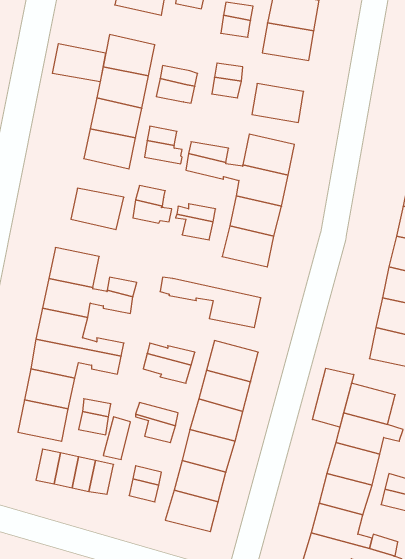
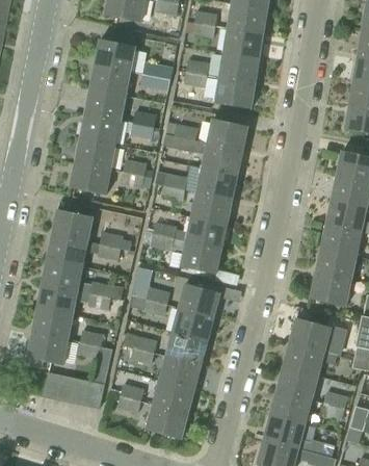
building: [52,44,106,82] -> none
building: none -> [219,51,261,82]
building: none -> [75,136,116,167]
building: none -> [152,215,228,249]
building: [312,368,354,427] -> none

